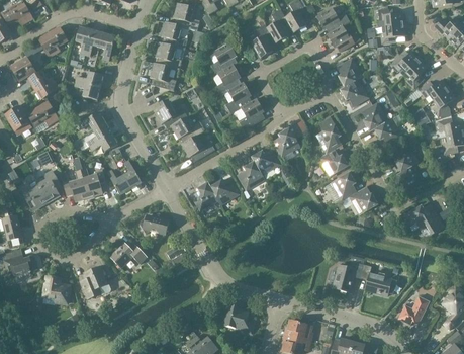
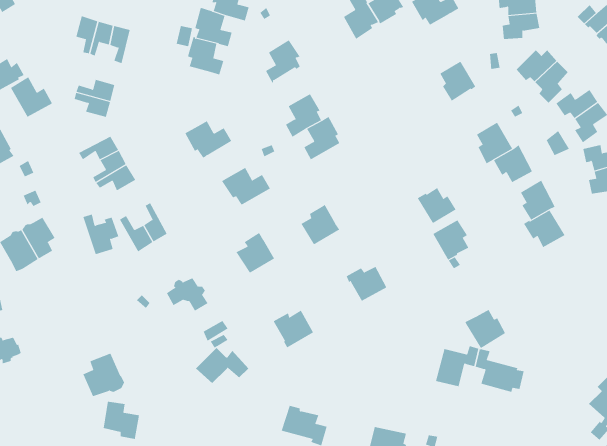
building: [251,24,277,58] -> none
building: [327,25,360,52] -> none
building: [38,26,68,57] -> none
building: [150,62,176,90] -> none
building: [215,64,242,96] -> none
building: [340,77,369,106] -> none
building: [28,101,60,126] -> none
building: [170,116,204,143] -> none
building: [316,117,343,154] -> none
building: [273,123,303,157] -> none
building: [251,150,280,175] -> [346,266,387,302]
building: [60,170,90,201] -> none
building: [210,178,240,205] -> [273,310,314,348]
building: [349,187,378,215] -> [465,309,506,349]
building: [402,203,444,235] -> none
building: [109,242,148,268] -> [195,347,249,384]
building: [44,276,71,303] -> [103,401,140,439]
building: [398,295,430,325] -> none

